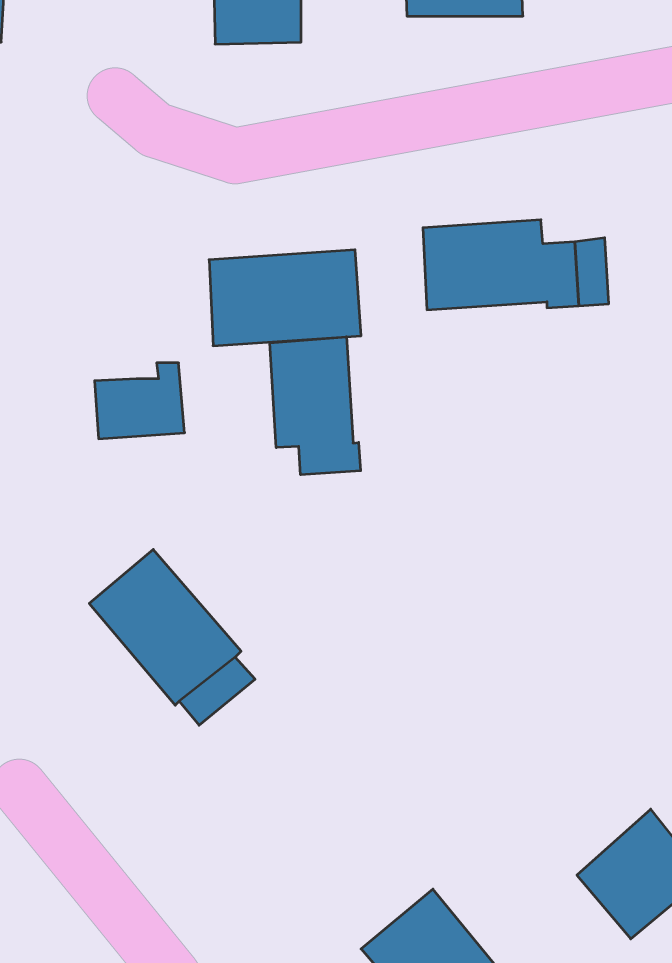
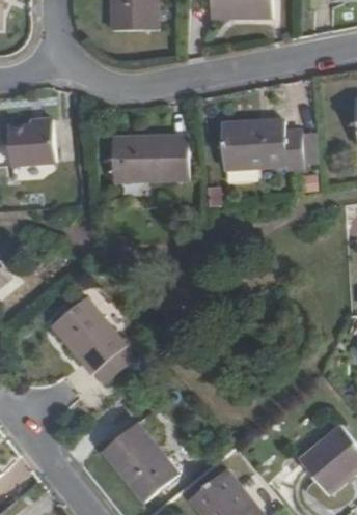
building: [270,337,361,475] -> none
building: [95,363,185,439] -> [7,126,54,166]
building: none -> [110,433,177,502]

